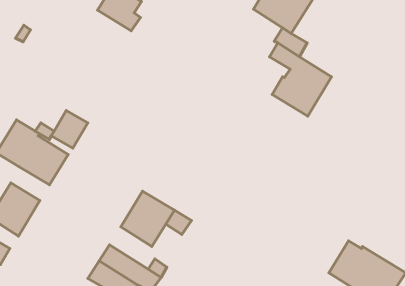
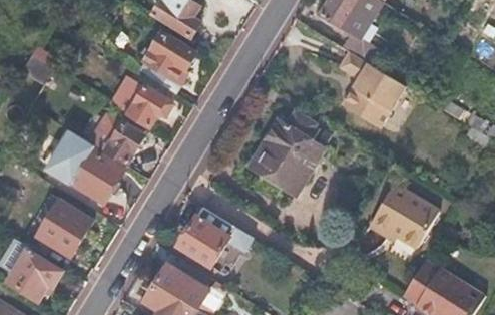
building: none -> [142,32,194,92]
building: none -> [110,81,165,127]
building: none -> [252,112,325,194]
building: none -> [369,186,439,250]

